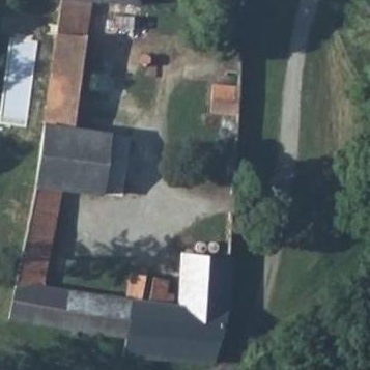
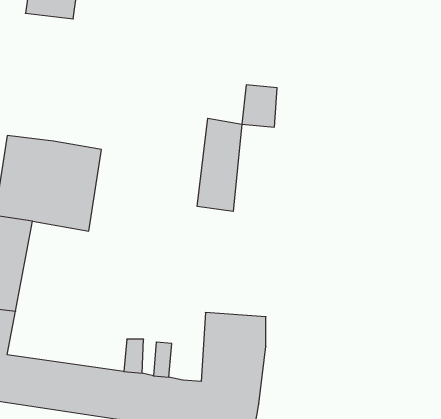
building: [44,35,92,130] -> none
building: none -> [197,118,242,211]

